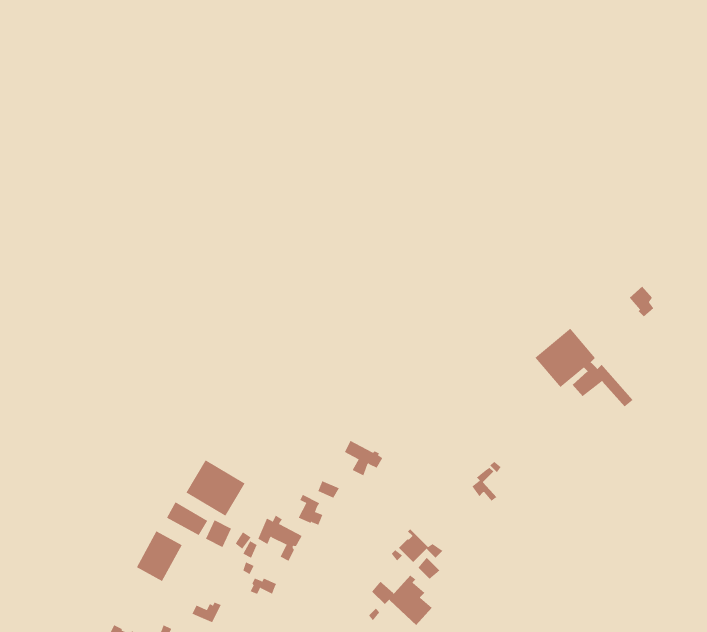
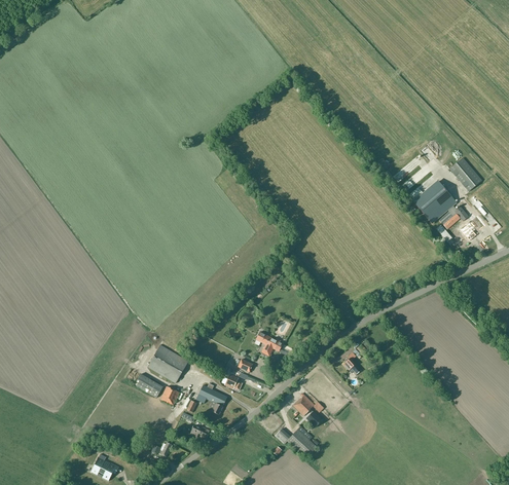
building: none -> [449,157,481,190]
building: [535,328,633,407] -> [413,181,481,235]
building: [136,530,182,582] -> none

